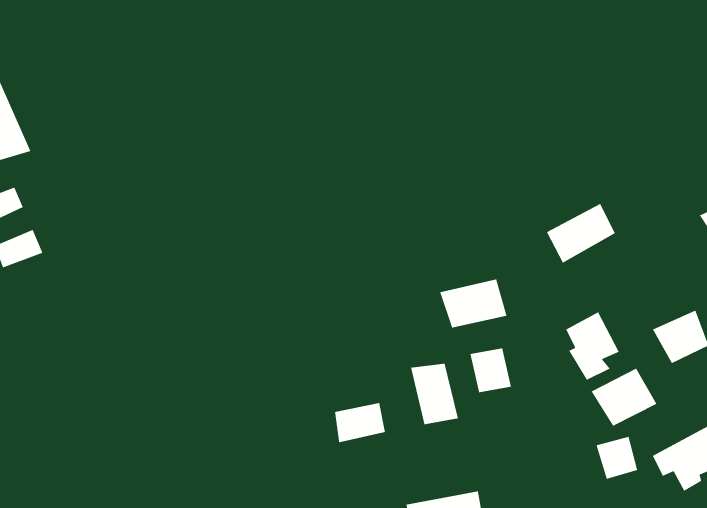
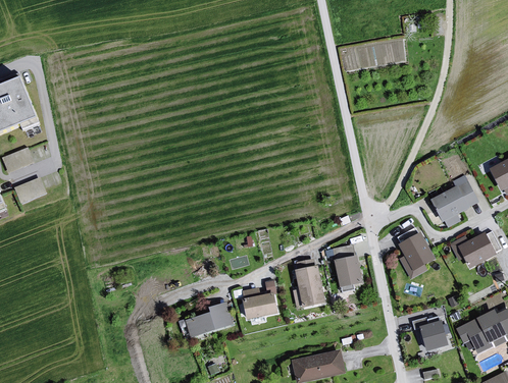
building: [546,203,616,264] -> [430,179,477,220]
building: [439,279,508,329] -> none
building: [591,367,658,427] -> none
building: none -> [186,303,234,337]

